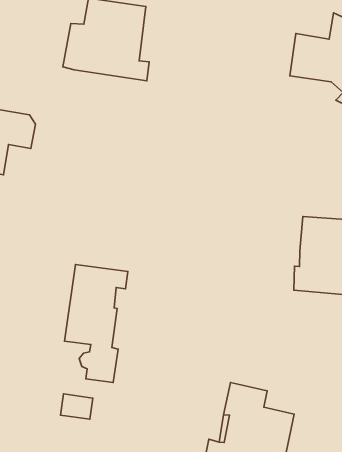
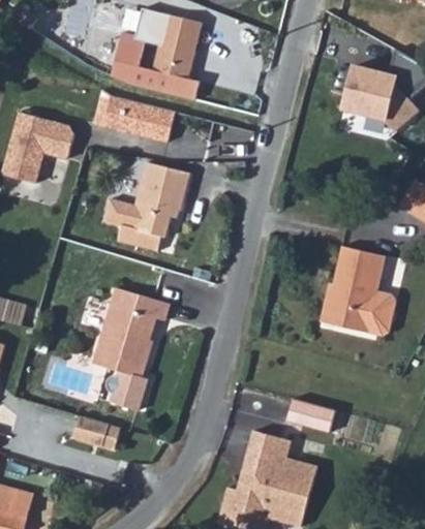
building: none -> [103,97,174,139]
building: none -> [101,157,191,248]
building: none -> [287,400,337,432]

